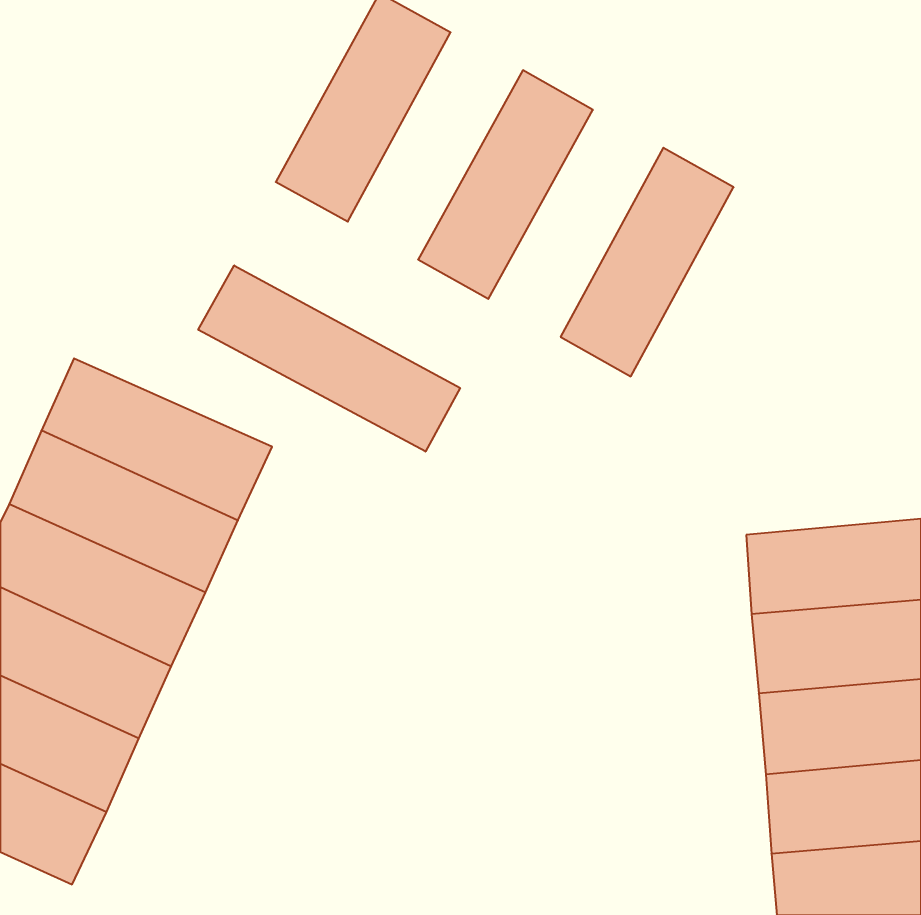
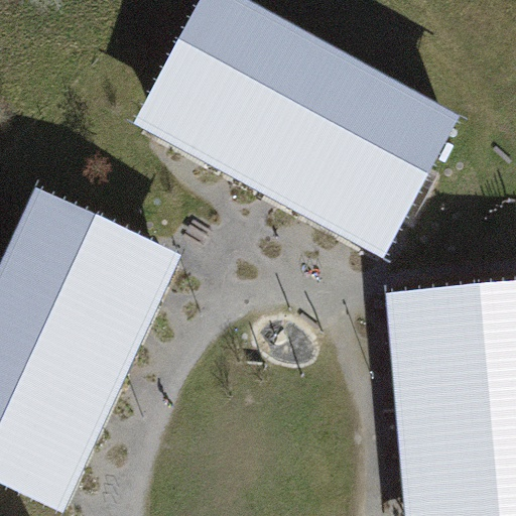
building: none -> [195,18,292,145]
building: none -> [273,61,371,188]
building: none -> [353,105,450,232]
building: [198,265,460,452] -> none

